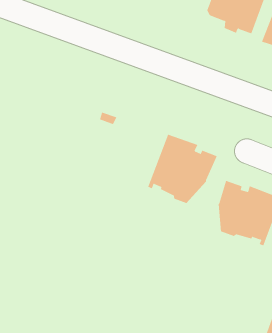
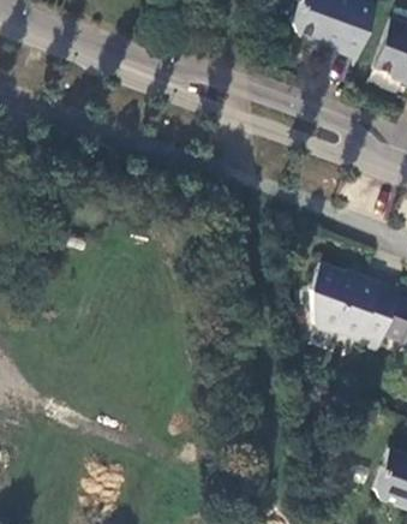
building: [148,134,218,204] -> none

